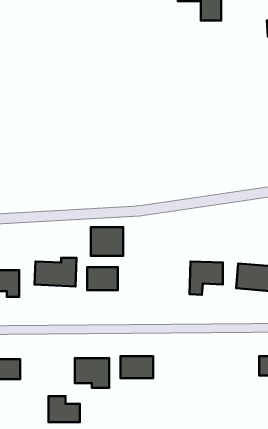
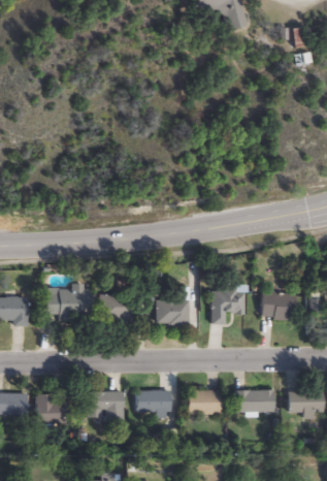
building: [91,227,123,256] -> [156,293,191,324]
building: none -> [186,390,221,414]
building: none -> [232,390,273,413]
building: [48,396,80,422] -> [36,394,70,422]

